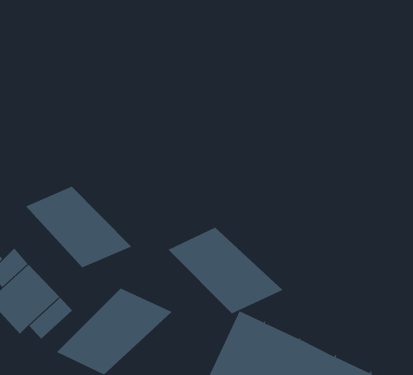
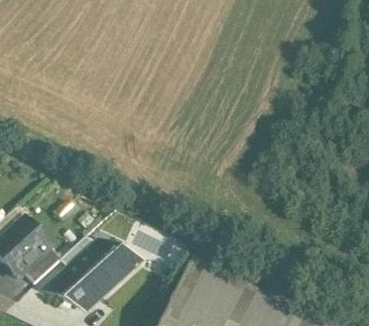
building: [25,186,132,268] -> none
building: [167,227,283,314] -> none

